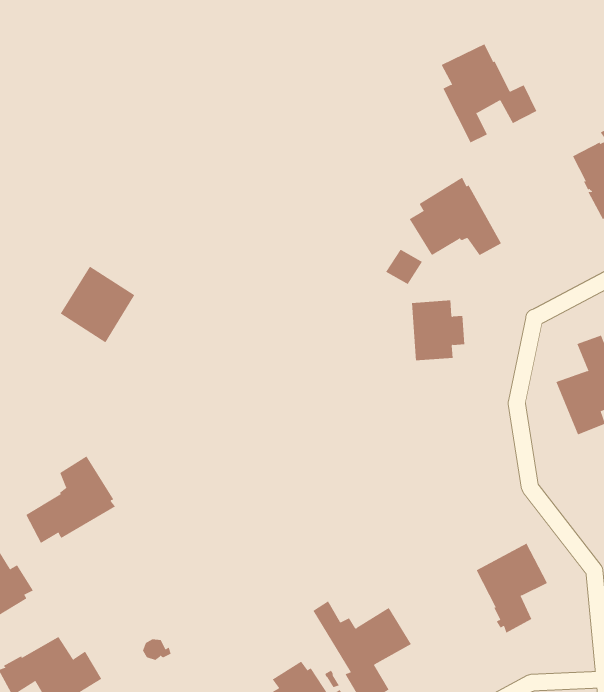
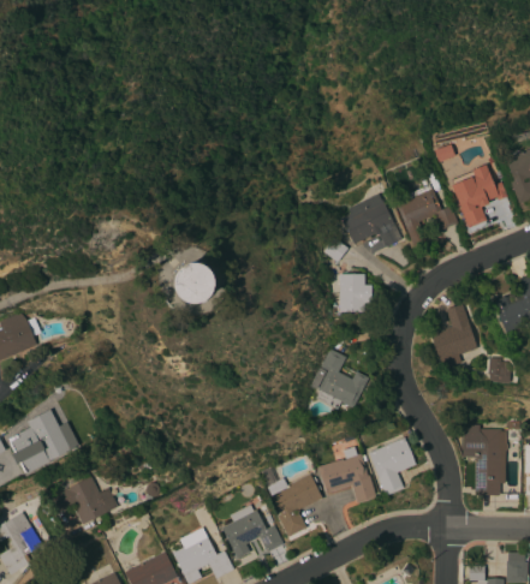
building: [441,44,537,143] -> [397,177,458,242]
building: [60,266,135,343] -> [168,257,219,309]
building: none -> [311,348,369,409]
building: [26,455,116,544] -> none
building: none -> [318,454,376,506]

